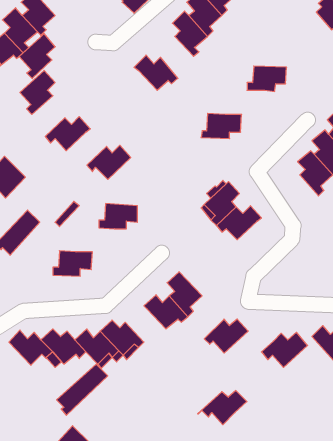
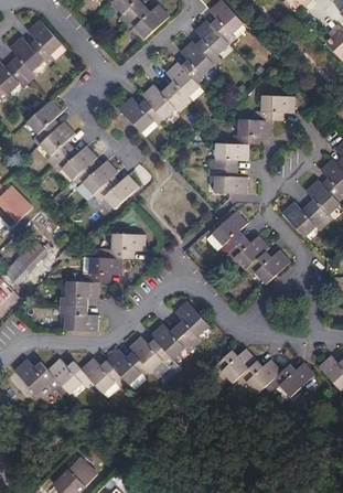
building: none -> [165,61,201,107]
building: [19,34,55,79] -> [39,120,75,165]
building: none -> [120,97,164,138]
building: none -> [233,118,272,144]
building: none -> [73,160,118,194]
building: none -> [208,167,247,193]
building: none -> [282,202,326,237]
building: none -> [245,249,290,285]
building: none -> [83,256,121,282]
building: none -> [60,304,98,331]
building: none -> [129,336,173,372]
building: [57,364,108,415] -> none
building: [198,391,247,425] -> [232,360,281,394]

